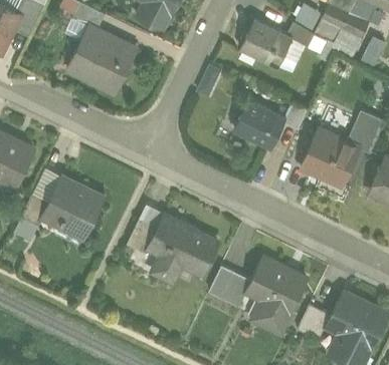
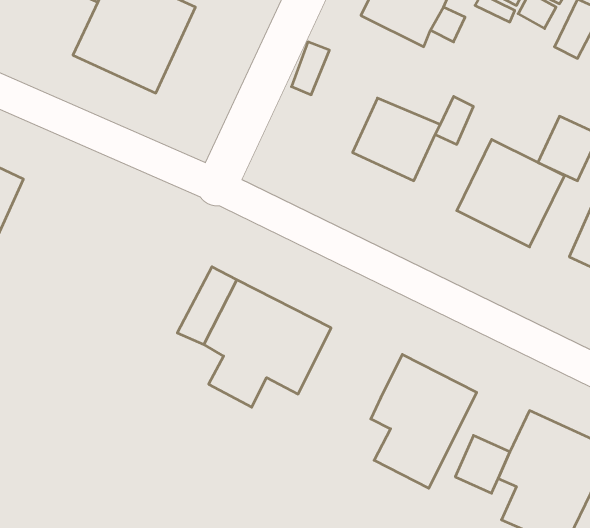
building: [41,173,107,240] -> none
building: [208,265,251,308] -> none

